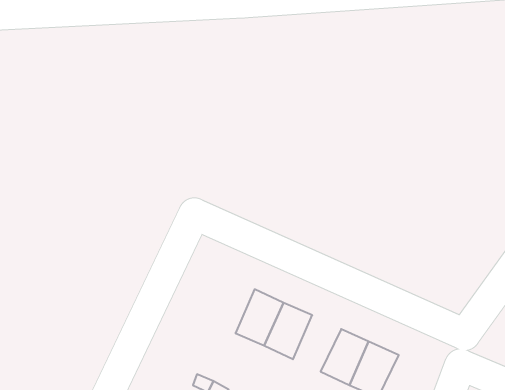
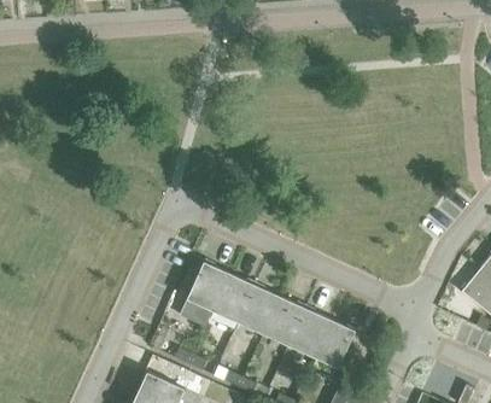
building: none -> [187,262,229,311]
building: none -> [263,296,305,345]

